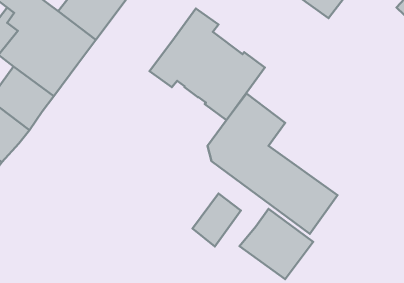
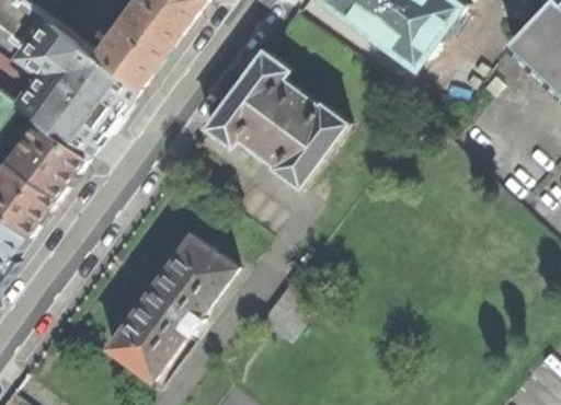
building: [207,94,338,234] -> none
building: none -> [106,233,234,380]
building: [240,209,313,279] -> none

